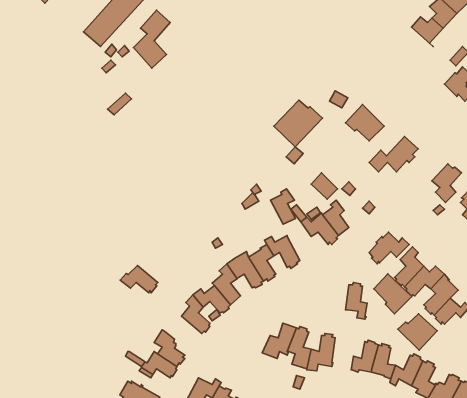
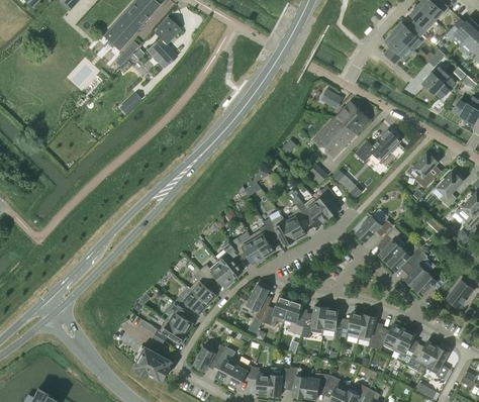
building: none -> [385,32,413,64]
building: [274,100,323,147] -> [313,117,357,159]
building: [271,189,296,224] -> [284,208,306,239]
building: [120,265,158,293] -> [175,289,208,313]
building: [374,274,412,314] -> none
building: [346,283,367,319] -> [323,306,343,338]
building: none -> [246,283,271,321]
building: [398,314,437,350] -> none

